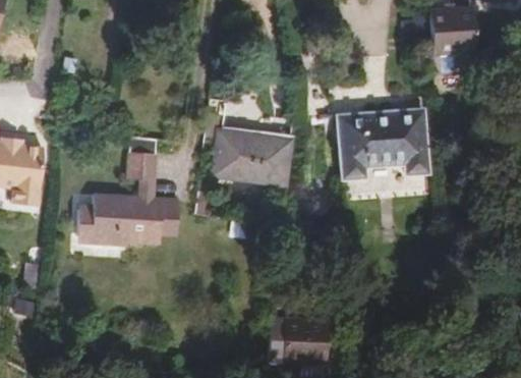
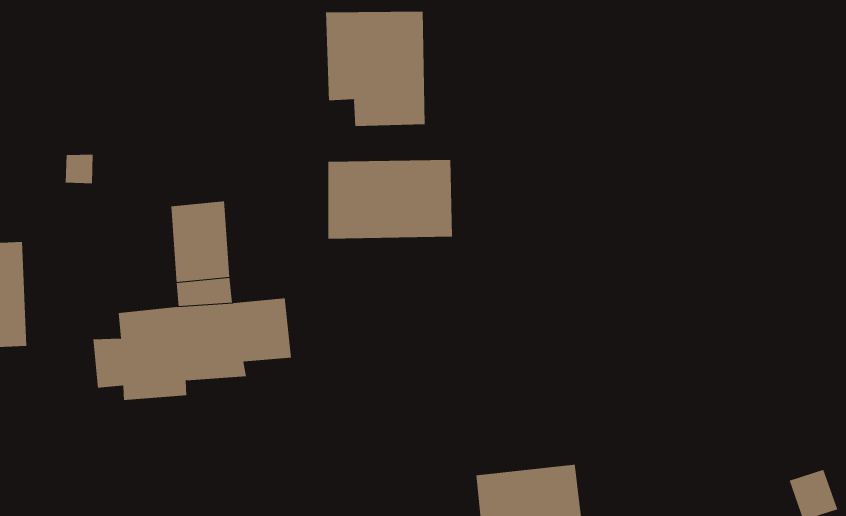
building: none -> [325,11,425,127]
building: [337,106,430,179] -> none

